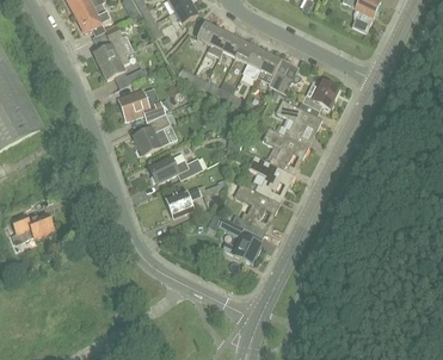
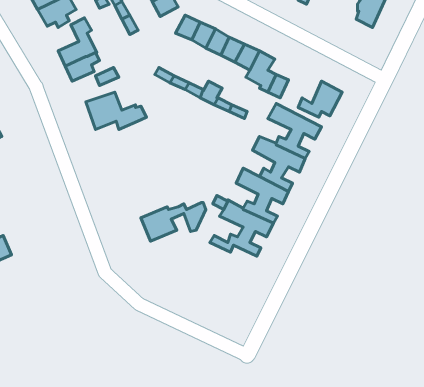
building: [133,111,177,154] -> none
building: [149,156,202,181] -> none
building: [217,216,260,262] -> none

